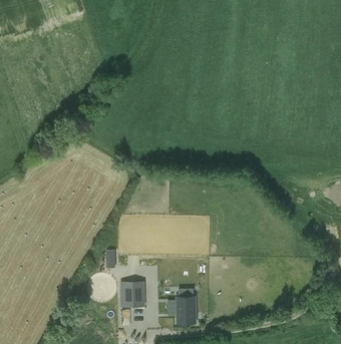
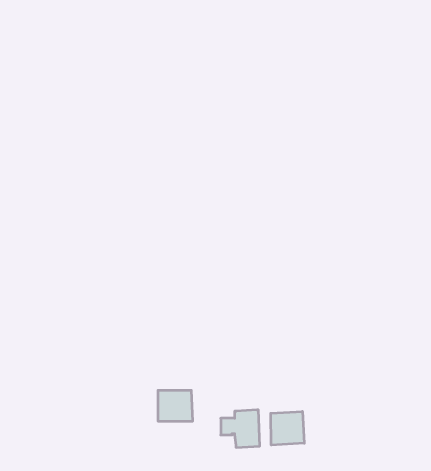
building: none -> [271,411,304,445]

